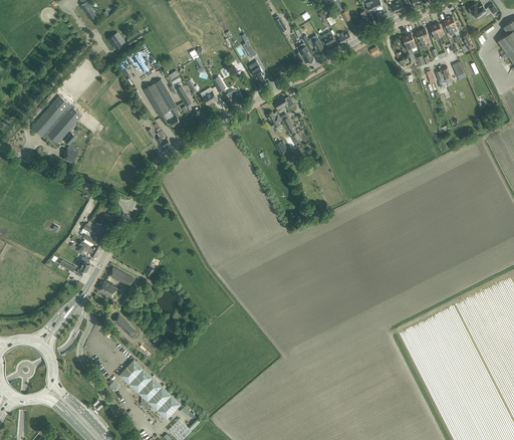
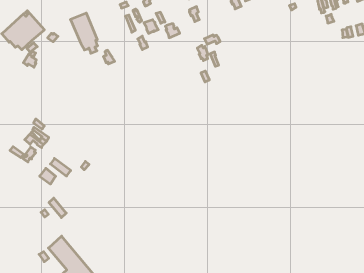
building: [144,78,180,126] -> [70,13,98,53]

